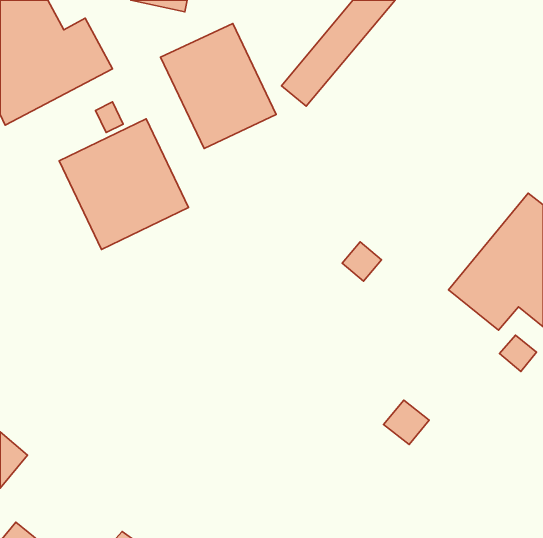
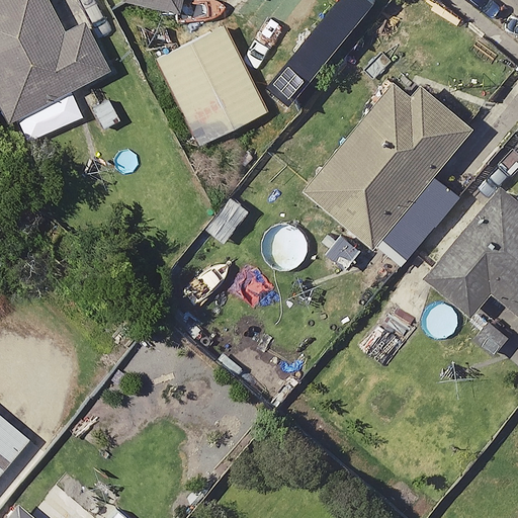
building: none -> [305,82,474,249]
building: [59,119,188,249] -> none

